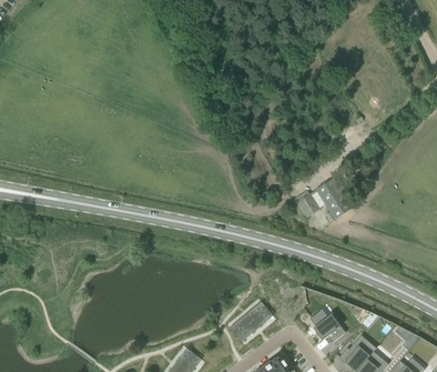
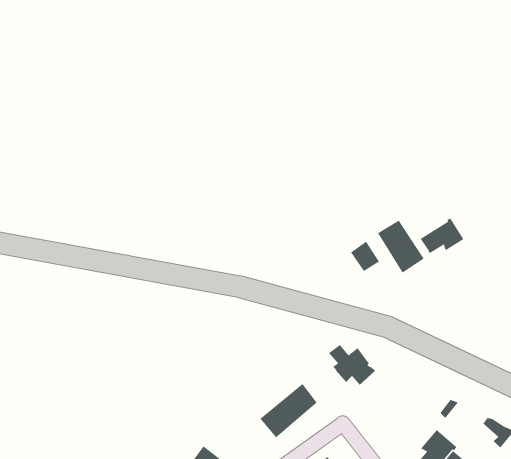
building: none -> [420,218,464,254]
building: [309,311,345,342] -> [328,344,376,386]

